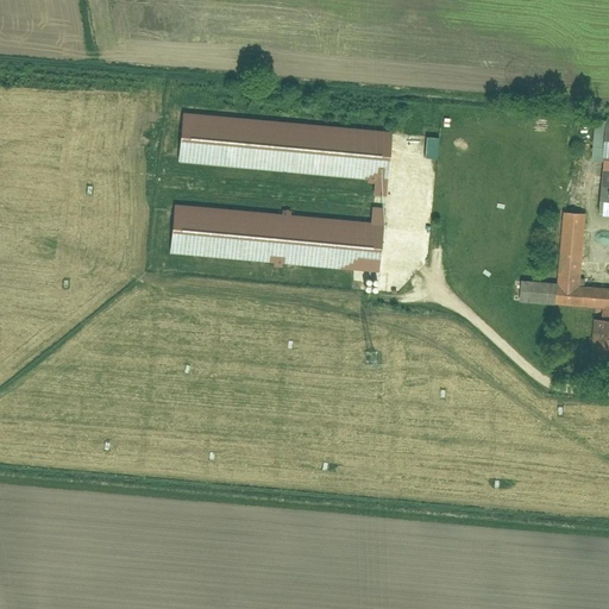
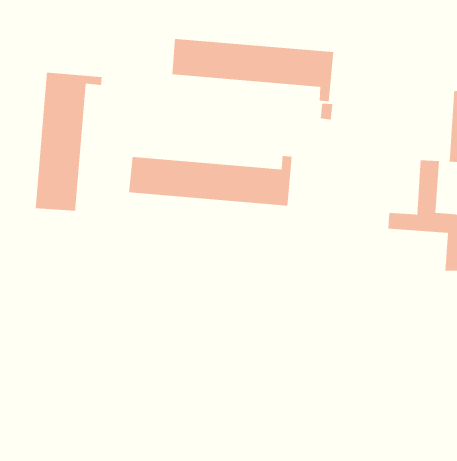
building: none -> [35,72,102,212]
building: [186,113,400,196] -> [171,38,334,102]

